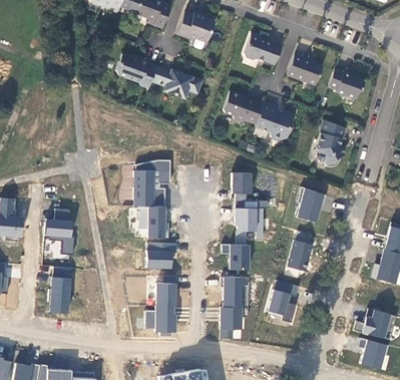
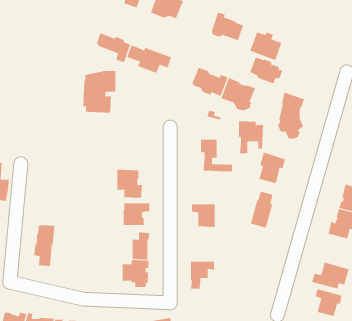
building: [328,69,365,99] -> [250,57,283,84]
building: [133,159,170,207] -> [83,70,116,113]
building: [235,208,263,244] -> [238,121,264,154]
building: [43,209,74,255] -> none
building: [221,277,249,307] -> none
building: [267,280,299,322] -> none

